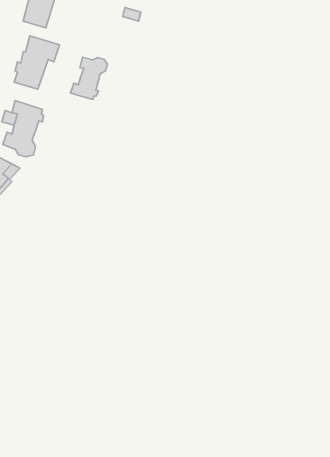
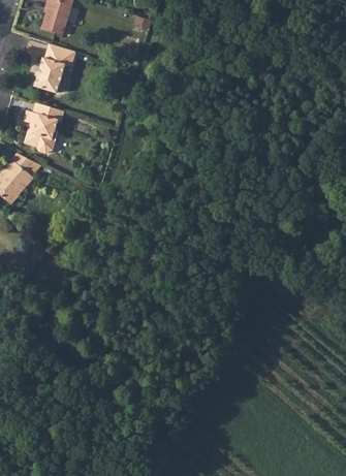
building: [70,57,108,100] -> none

